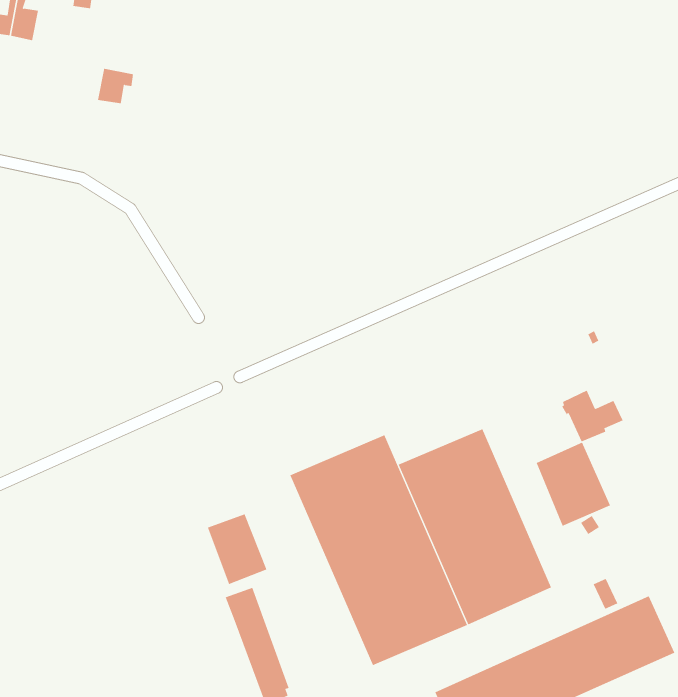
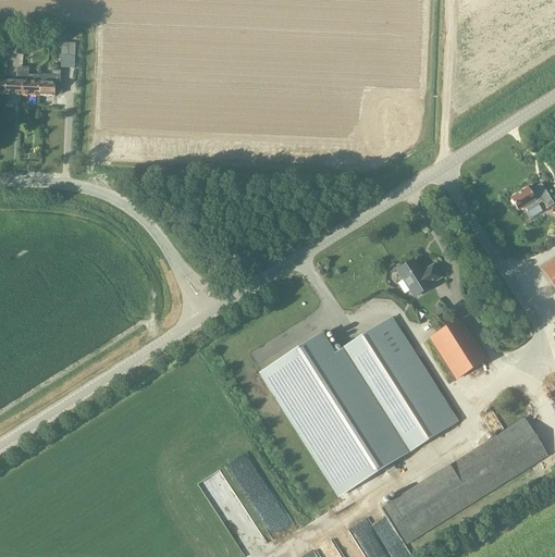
building: [97,68,134,104] -> [38,72,61,95]
building: [561,390,624,442] -> [397,258,442,295]
building: [207,514,267,585] -> none

